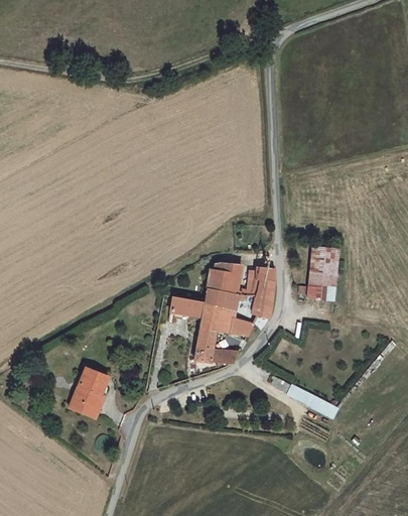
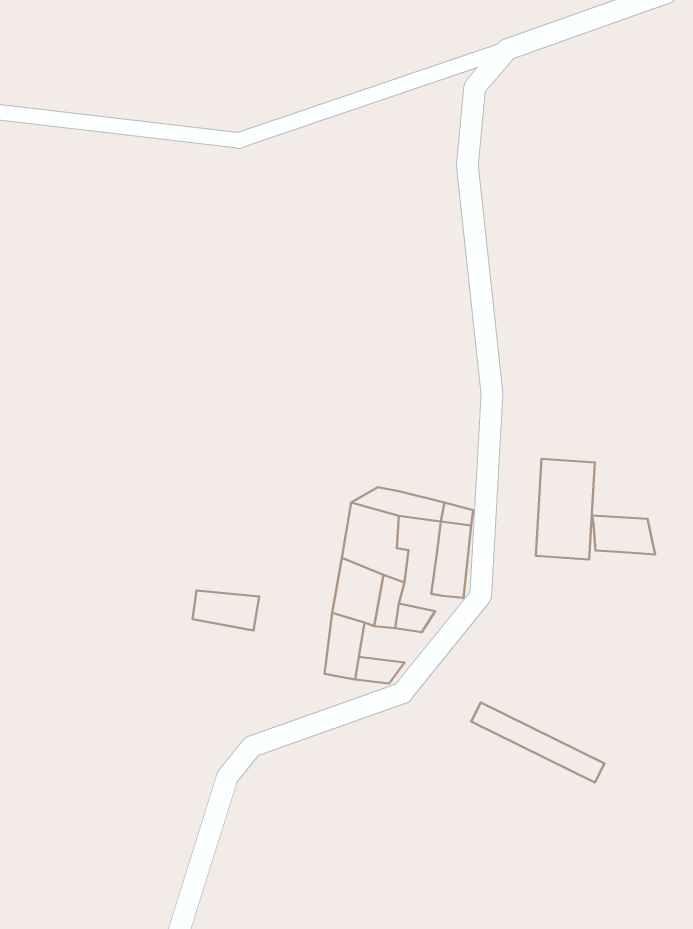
building: none -> [592,516,655,555]
building: [169,295,205,316] -> [193,591,259,631]
building: [70,369,110,419] -> none

